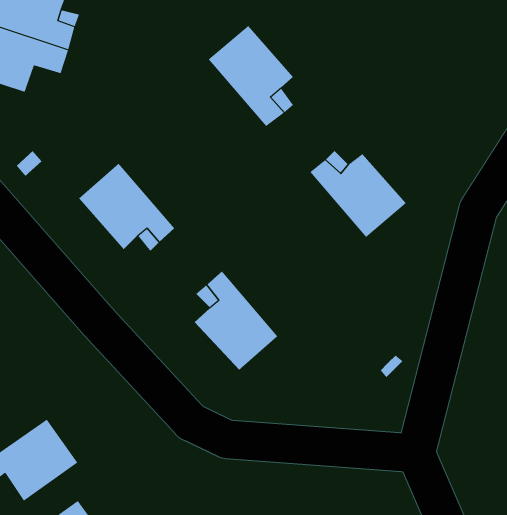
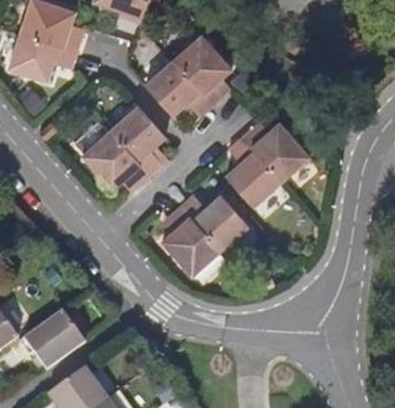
building: none -> [145,59,214,117]
building: none -> [112,105,167,176]
building: none -> [228,137,283,208]
building: none -> [183,194,252,251]

